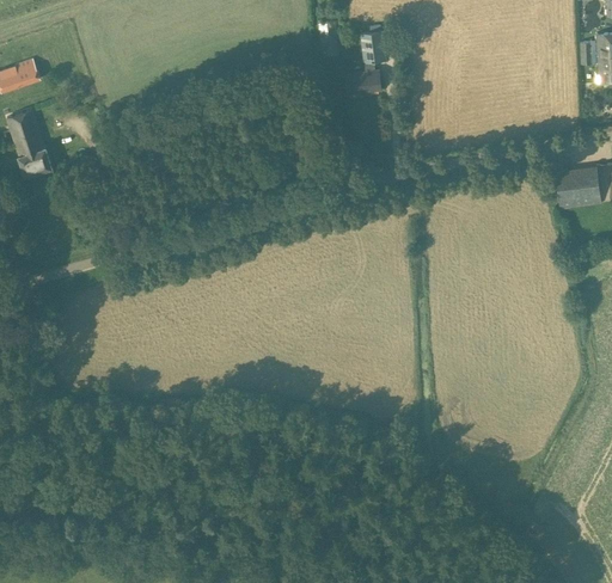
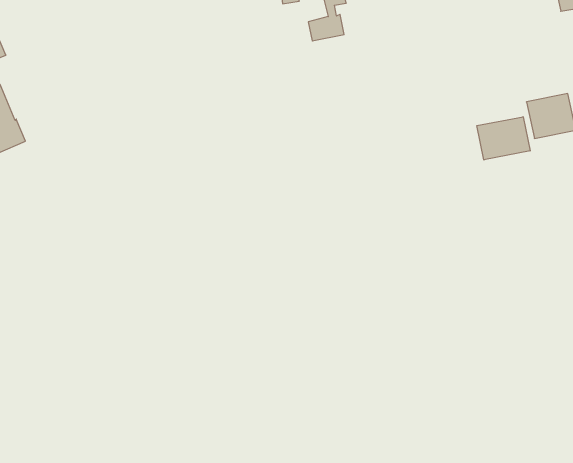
building: none -> [477,117,530,160]

